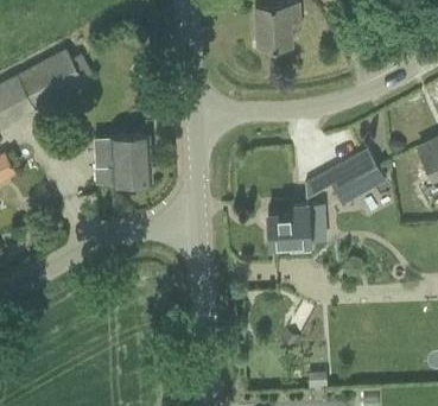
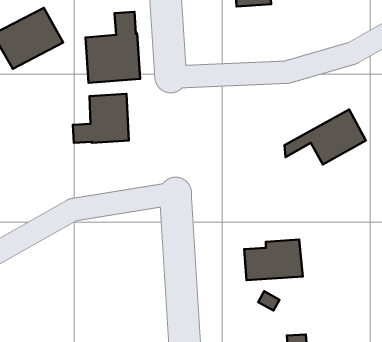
building: none -> [86,12,140,83]
building: [267,204,325,245] -> [244,239,303,280]

